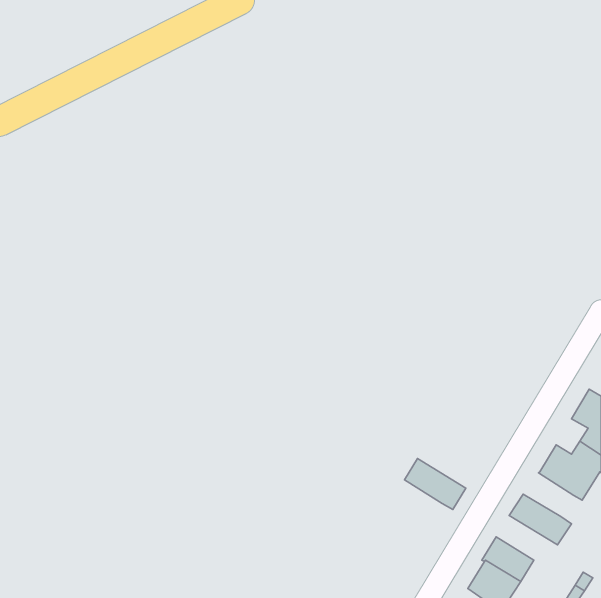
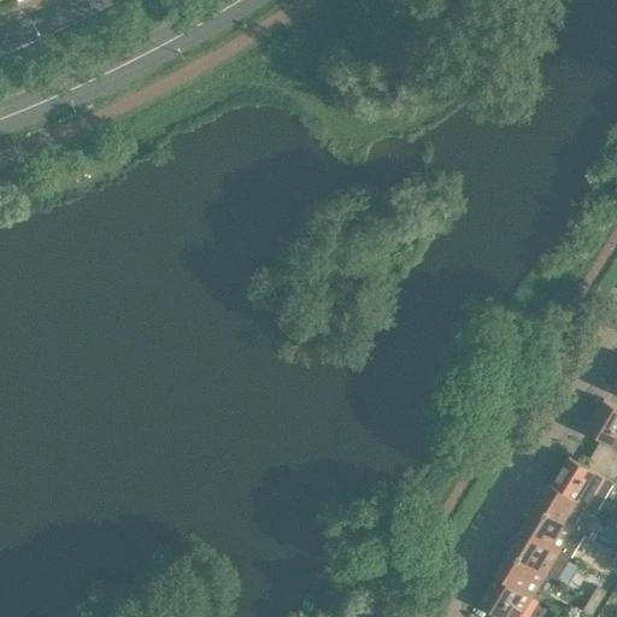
building: [405,459,466,509] -> [507,531,570,583]
building: none -> [535,486,587,533]

